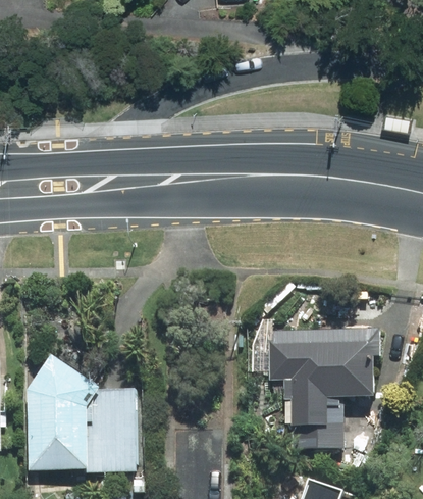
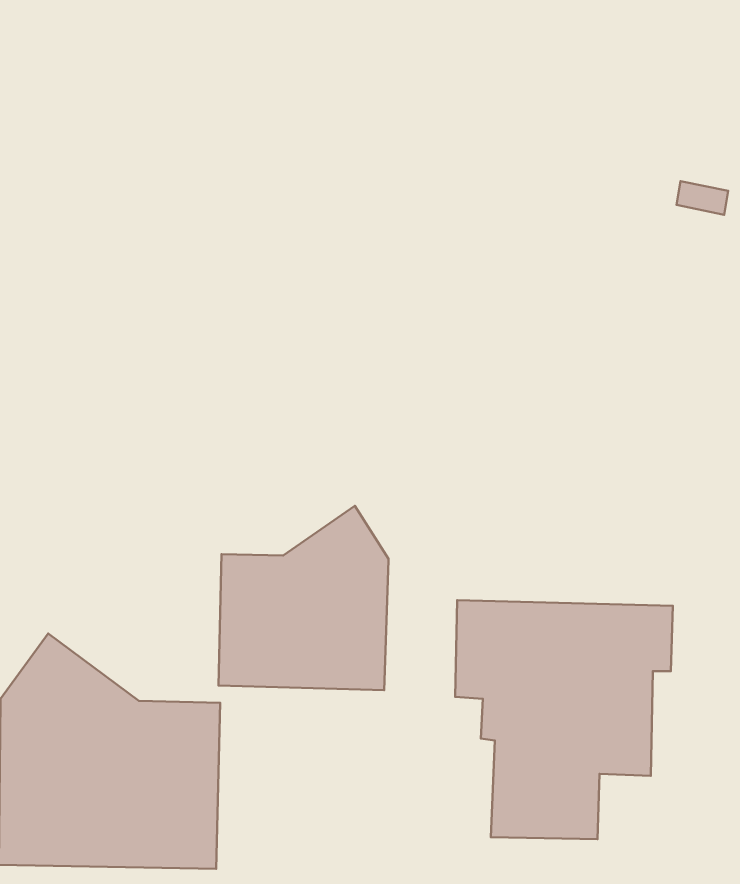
building: none -> [218,506,389,690]

